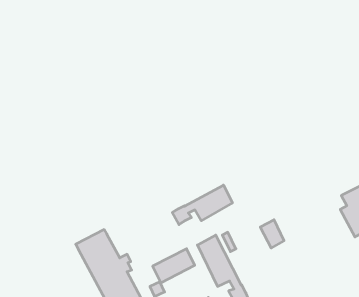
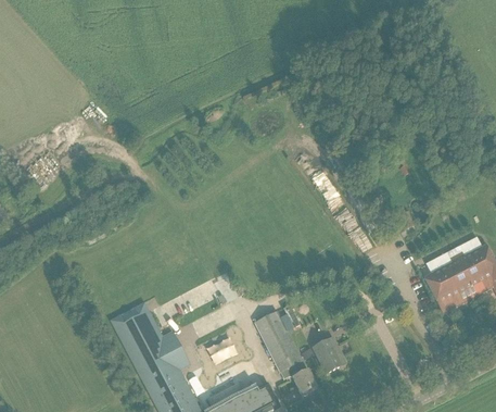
building: [172,185,232,225] -> none
building: [260,220,284,248] -> [314,339,342,373]

